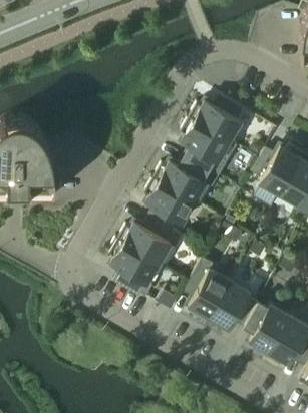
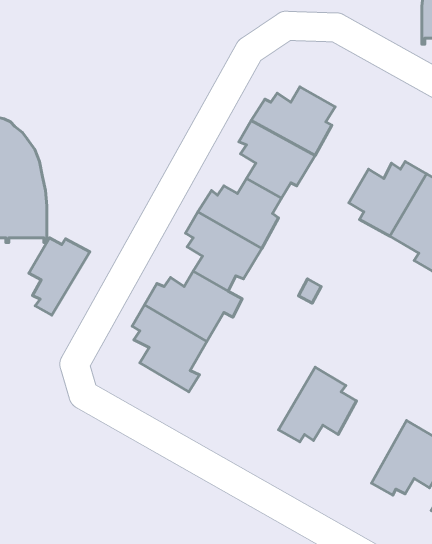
building: none -> [29,238,90,315]
building: [185,259,231,323] -> none
building: [246,304,291,358] -> none

